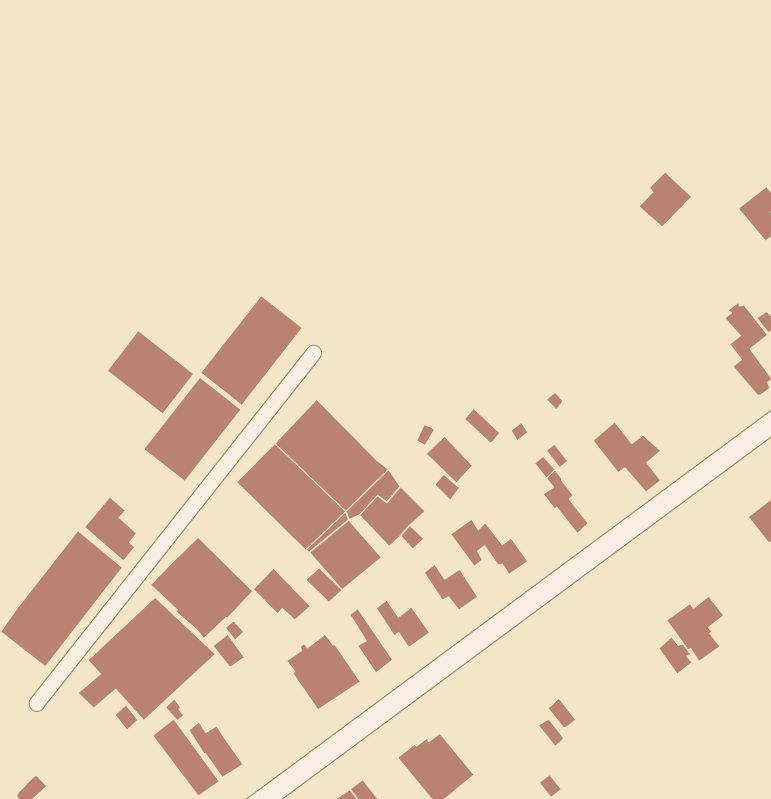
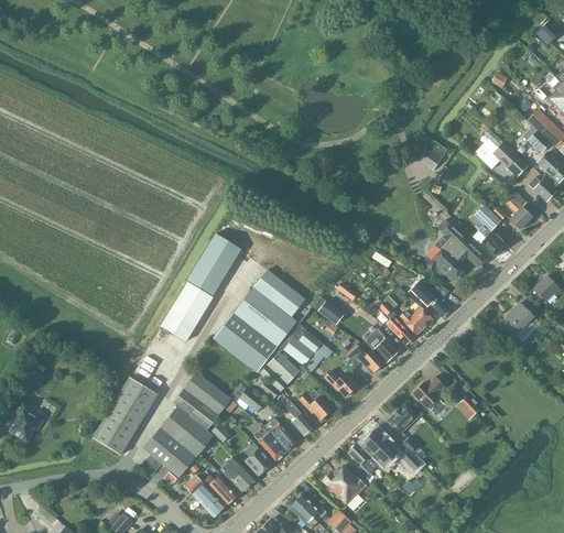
building: none -> [426,221,484,281]
building: [107,330,194,415] -> none
building: none -> [252,270,304,317]
building: none -> [399,303,432,335]
building: none -> [365,334,398,362]
building: [666,596,724,662] -> [412,377,444,414]
building: none -> [387,403,417,434]
building: none -> [243,443,271,475]
building: none -> [362,431,397,463]
building: none -> [220,457,254,491]
building: none -> [348,444,378,477]

